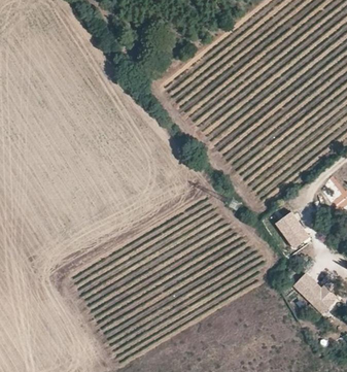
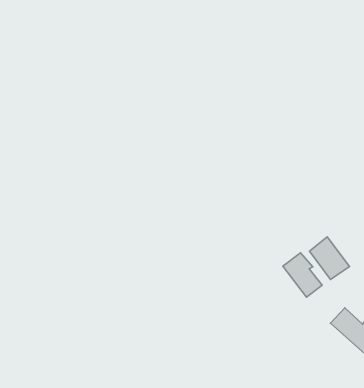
building: none -> [283,253,322,297]

